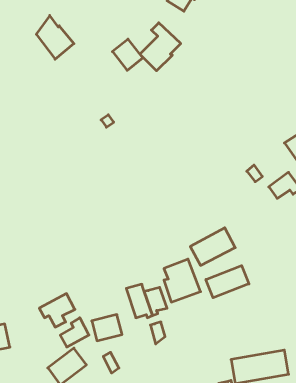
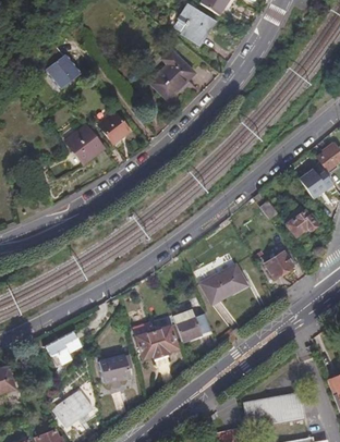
building: [112,39,143,70] -> [97,111,129,144]
building: none -> [64,123,102,162]
building: none -> [267,249,301,279]
building: [206,266,249,298] -> none
building: [60,318,89,347] -> none

